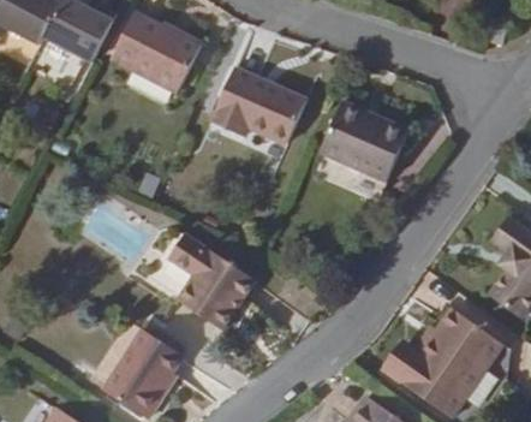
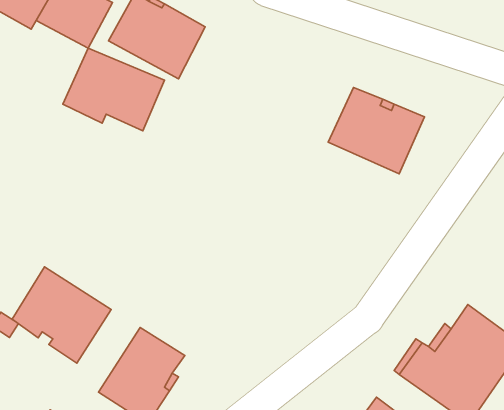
building: [210,69,306,147] -> [63,48,164,131]
building: [168,231,257,332] -> none
building: none -> [12,267,111,363]

